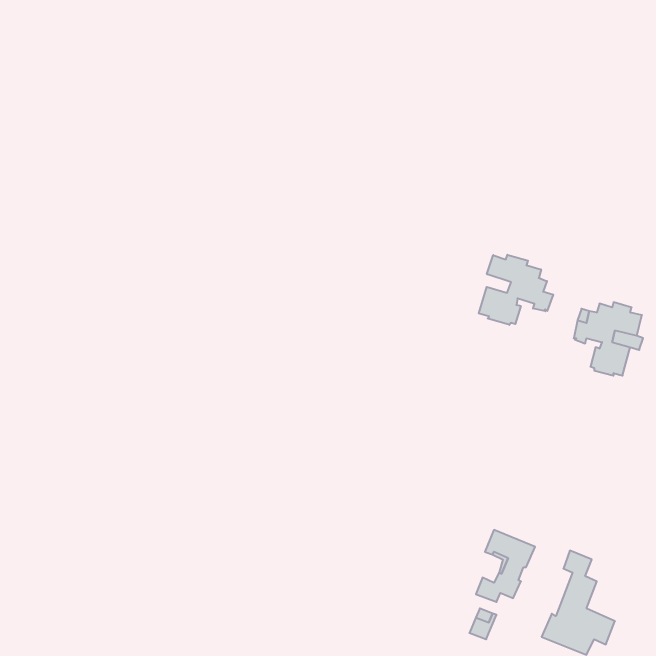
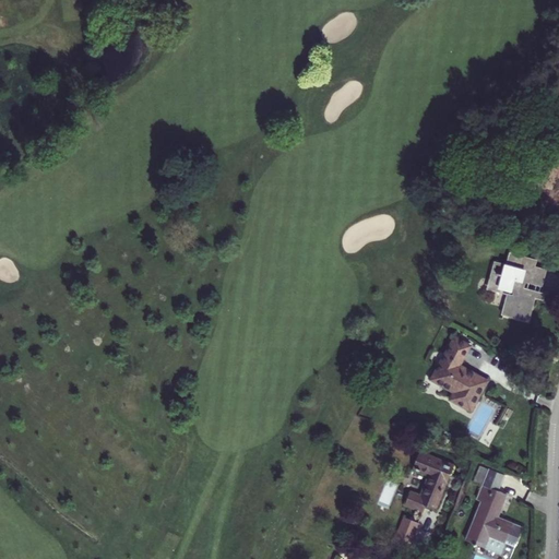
building: [479,255,553,325] -> none
building: none -> [429,334,488,411]

